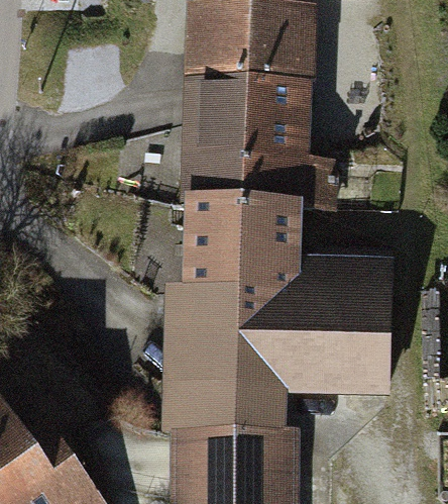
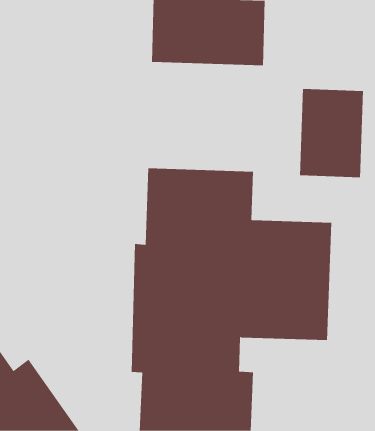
building: [181,76,333,202] -> none
building: none -> [299,88,363,178]

